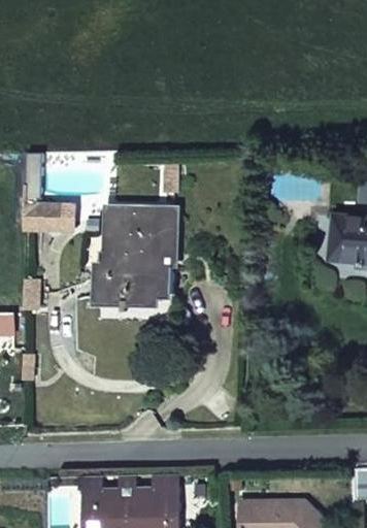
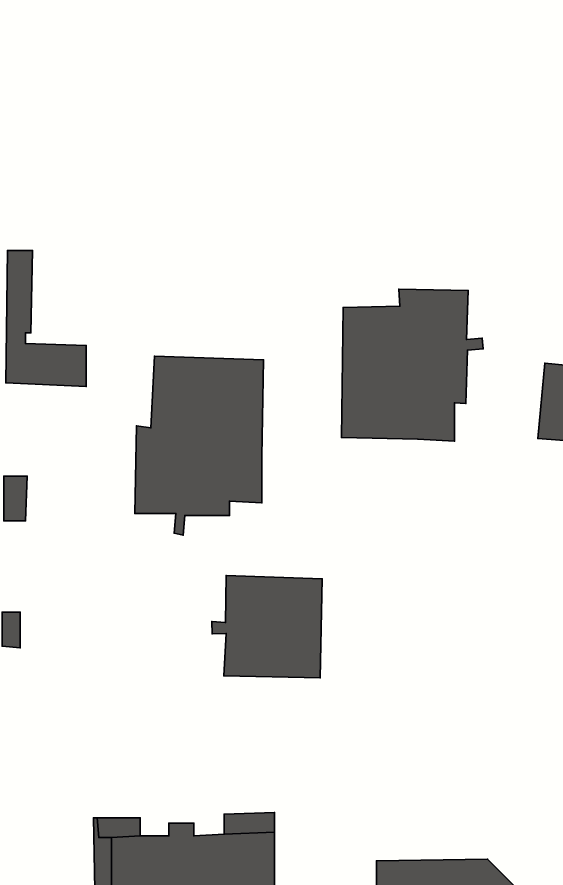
building: none -> [342,289,483,441]
building: none -> [212,575,322,678]

